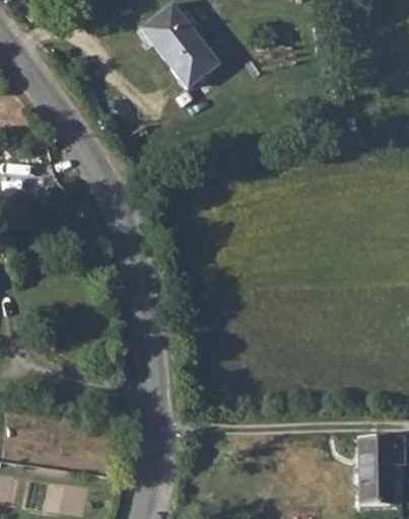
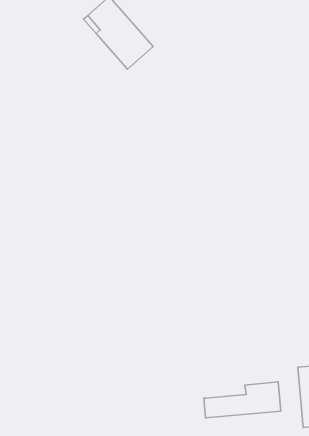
building: none -> [204,382,281,418]

